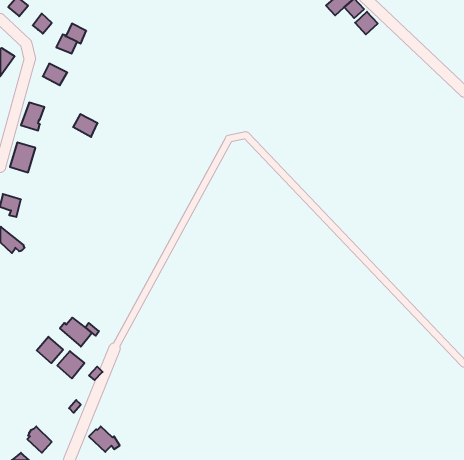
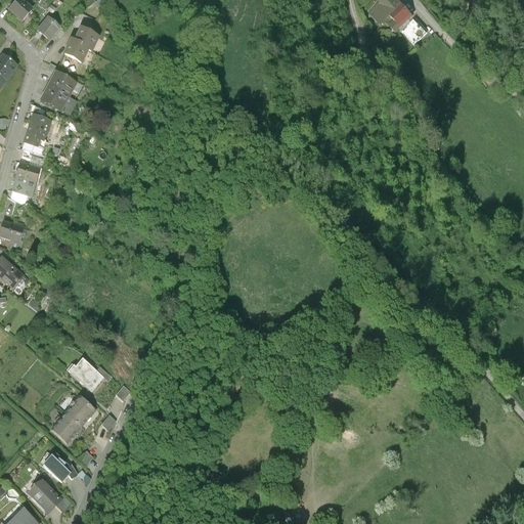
building: [73,114,98,137] -> [40,86,68,112]
building: [37,337,63,363] -> [51,412,81,442]
building: [89,426,120,452] -> [42,453,77,482]

